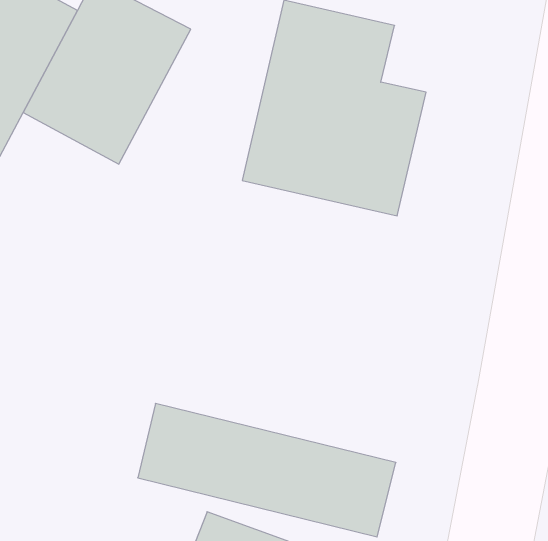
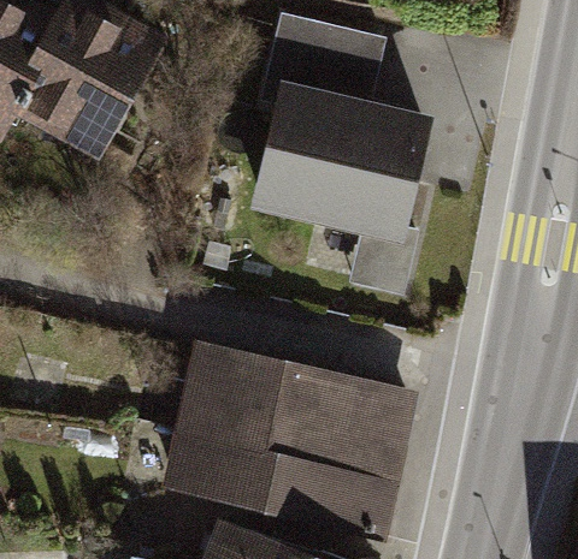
building: none -> [169,332,419,474]

